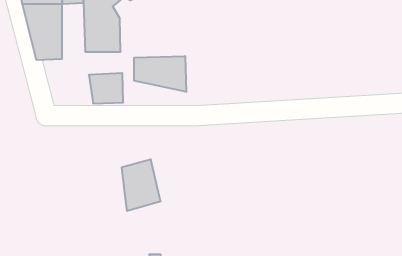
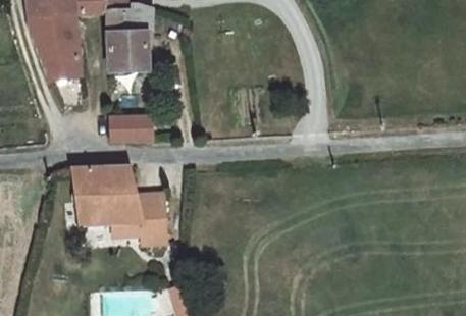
building: [134,56,186,92] -> none
building: none -> [72,168,147,241]

